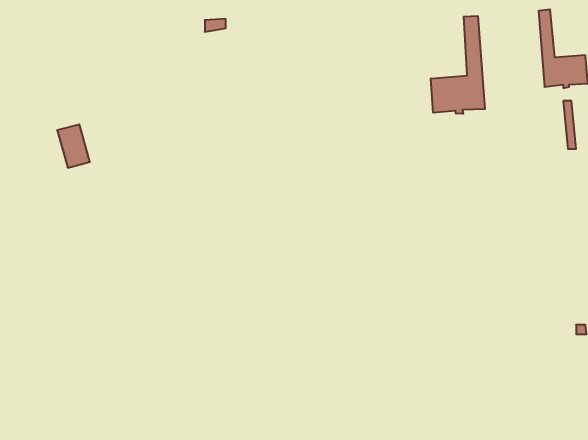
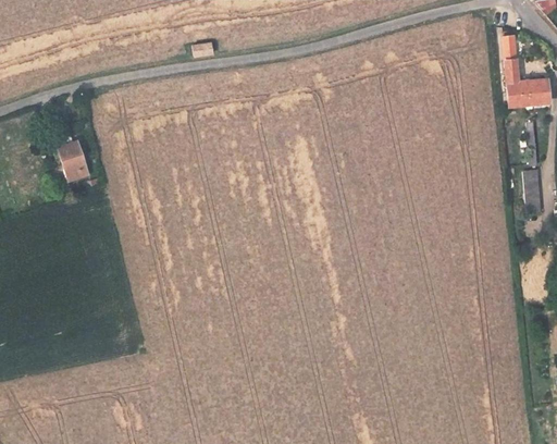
building: [431,16,485,114] -> none
building: none -> [523,168,542,211]

